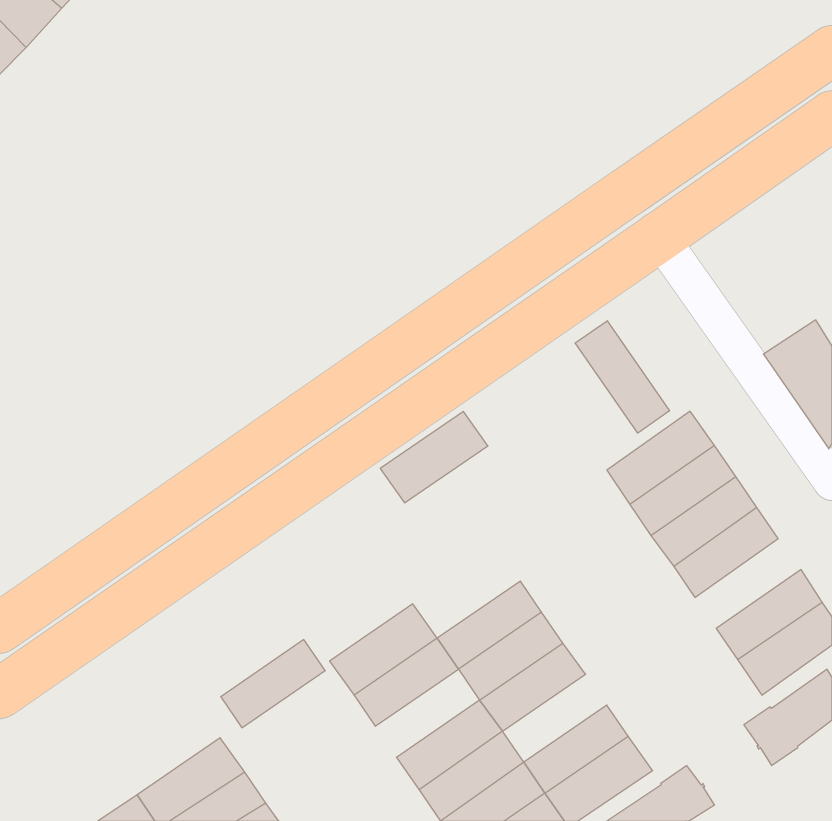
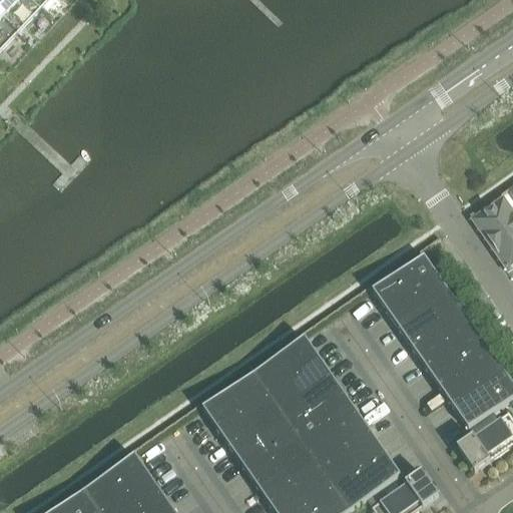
building: [575,321,670,433] -> none
building: [380,411,488,503] -> [253,336,320,392]
building: none -> [427,331,492,386]
building: [221,640,325,728] -> [230,411,295,465]
building: none -> [309,414,373,468]

